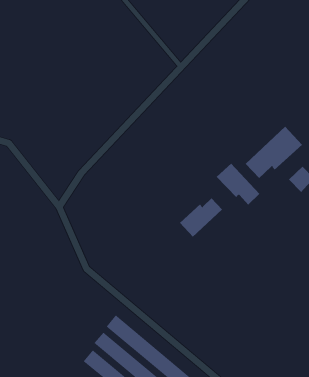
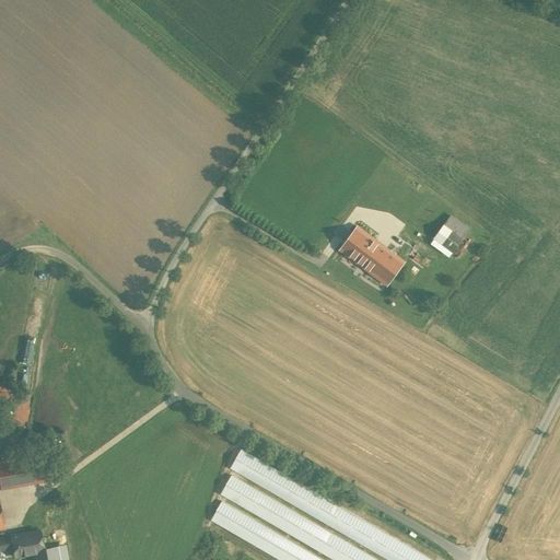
building: [245,126,303,179] -> none
building: [179,198,223,238] -> none

